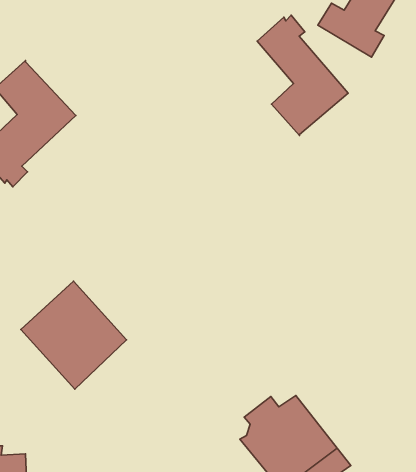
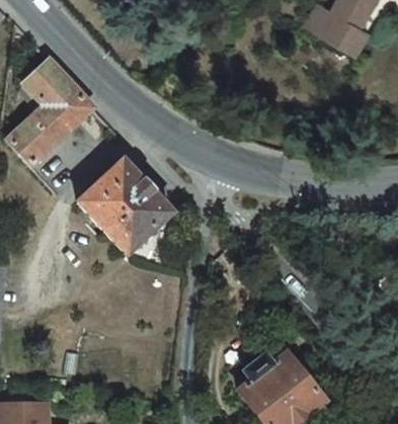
building: [257,15,348,135] -> none
building: [21,281,126,389] -> [77,159,170,254]

